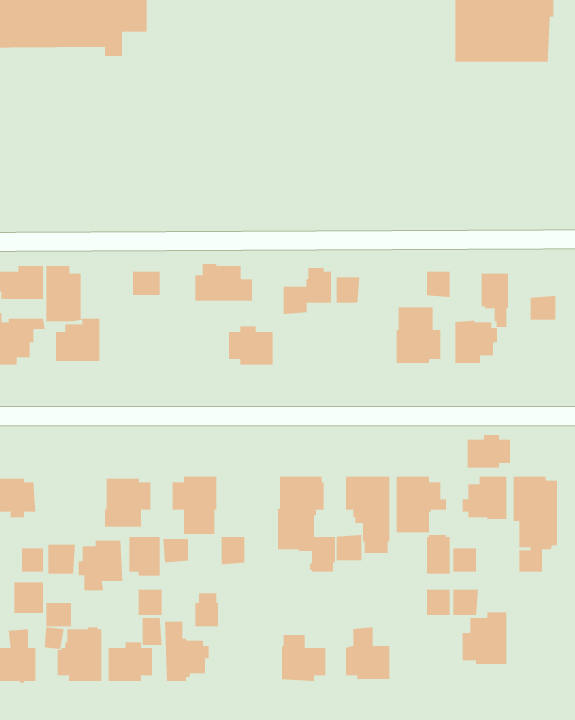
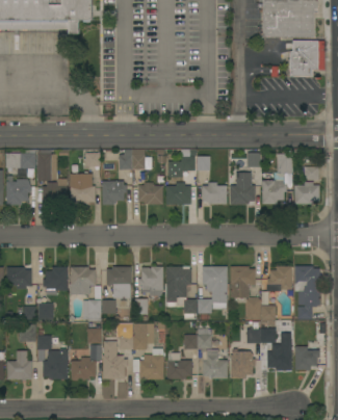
building: none -> [288,41,324,77]
building: none -> [71,174,96,205]
building: none -> [103,181,127,205]
building: none -> [203,182,228,205]
building: none -> [295,182,320,204]
building: none -> [166,183,191,205]
building: [467,434,510,469] -> none
building: none -> [139,266,163,295]
building: [78,540,123,591] -> [44,267,69,295]
building: none -> [134,323,154,349]
building: none -> [184,329,212,349]
building: none -> [295,346,320,370]
building: none -> [140,348,164,379]
building: none -> [231,350,256,378]

